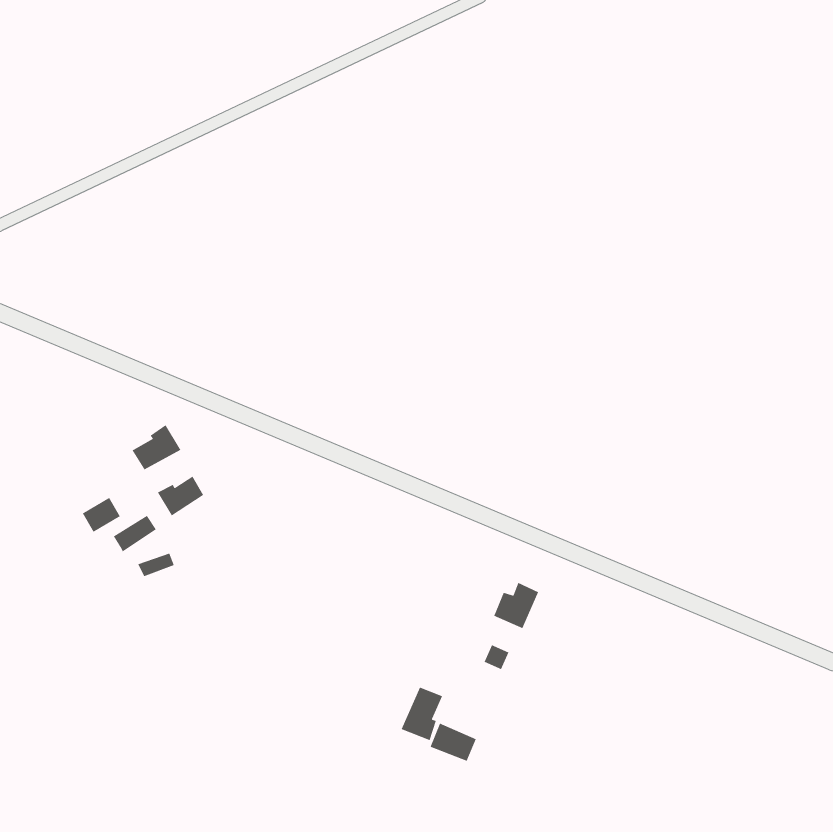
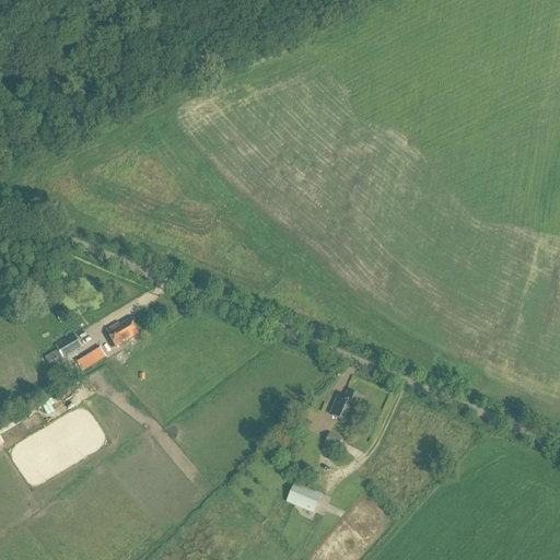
building: [132,424,181,471] -> none
building: [401,687,443,741] -> none

